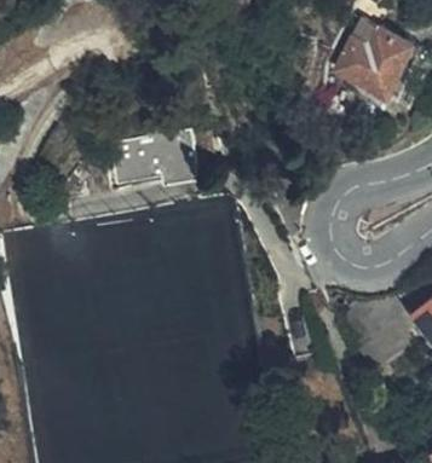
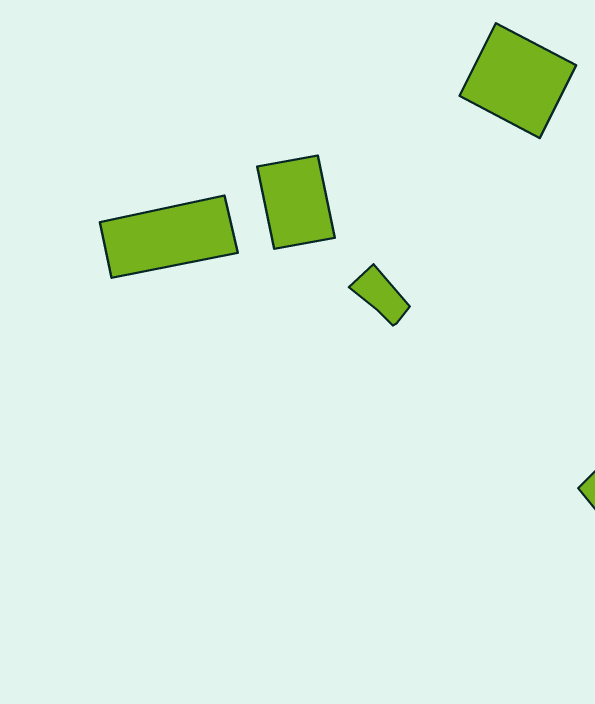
building: none -> [257,156,335,249]

